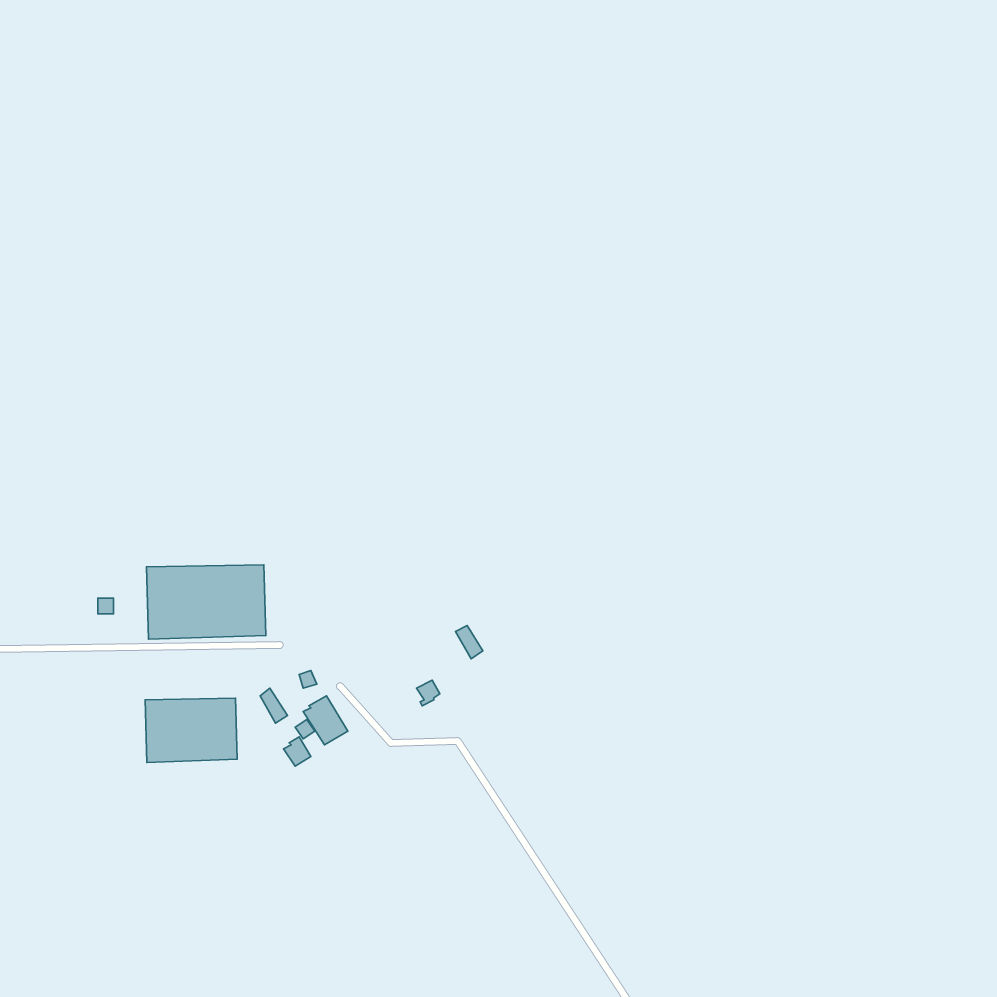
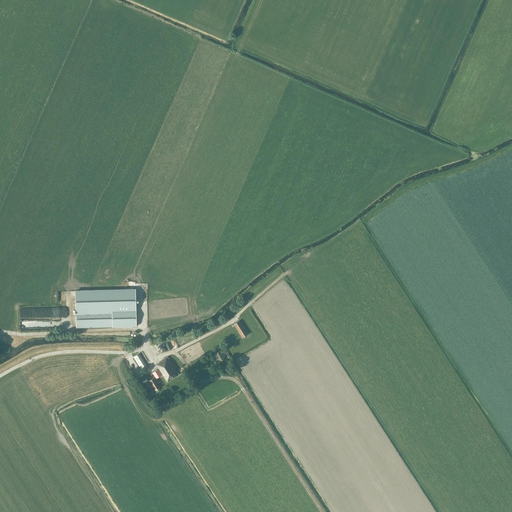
building: [145,698,237,763] -> none

